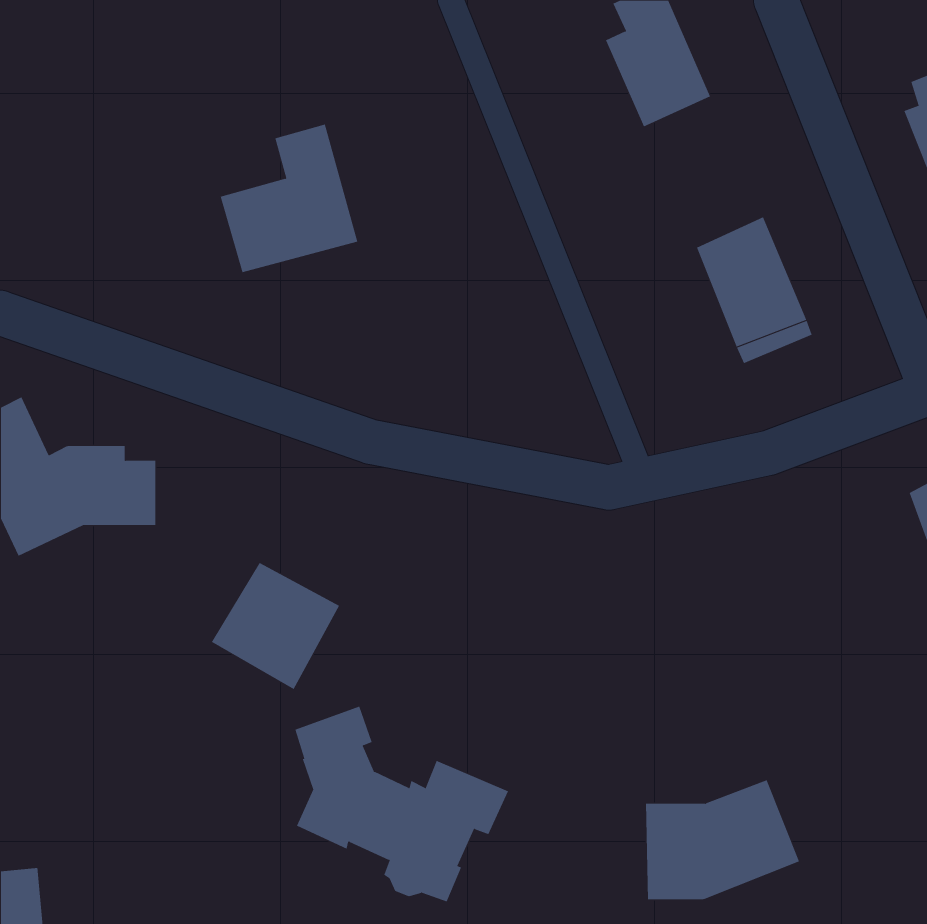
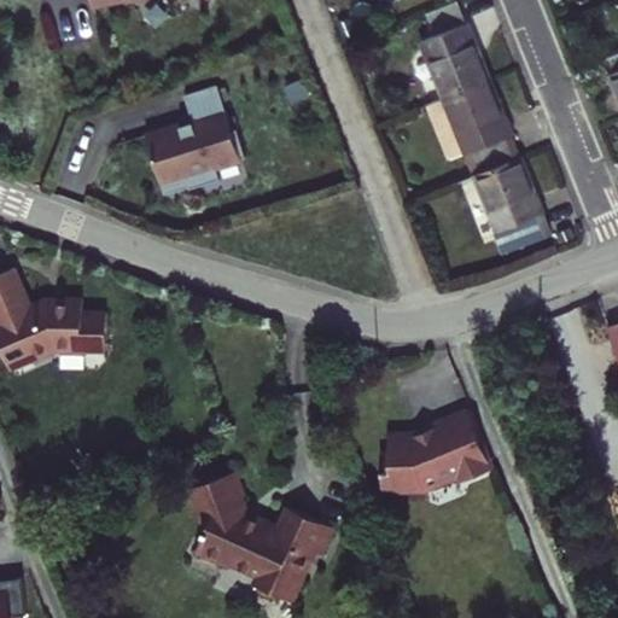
building: none -> [413,68,508,168]
building: [211,562,340,690] -> none
building: [645,780,800,900] -> [386,416,489,496]

